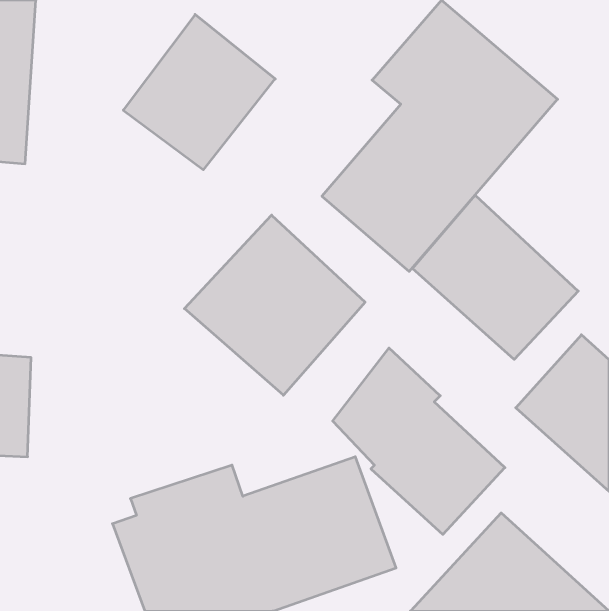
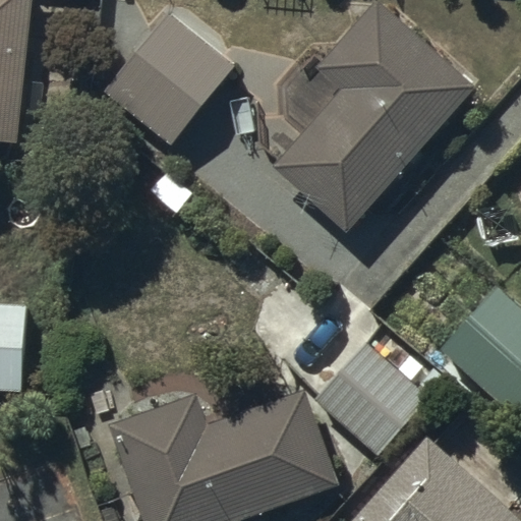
building: [413,195,578,359] -> none
building: [184,215,365,395] -> none

